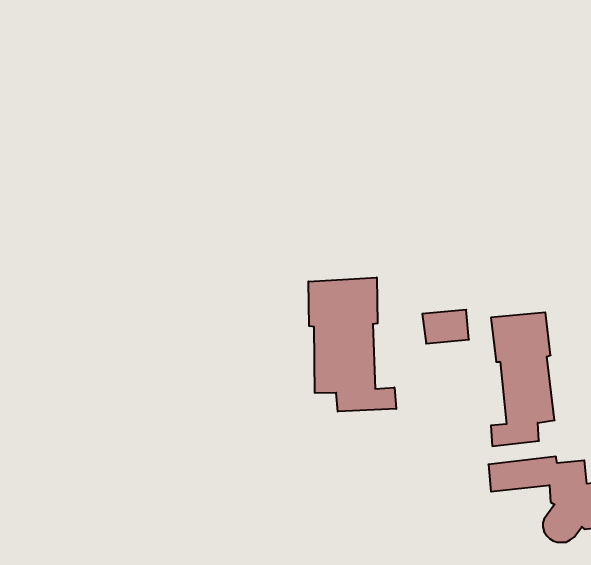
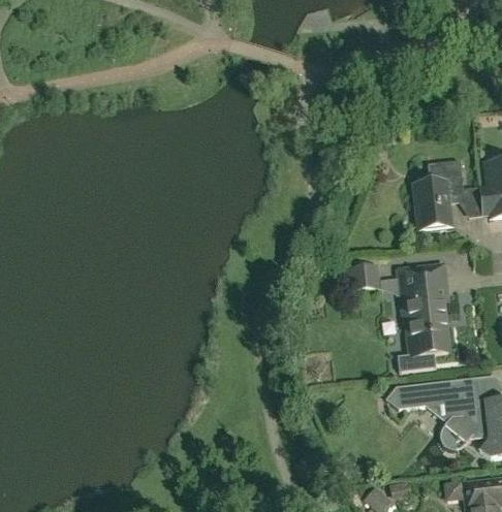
building: none -> [414,160,464,228]
building: [308,277,396,412] -> none

